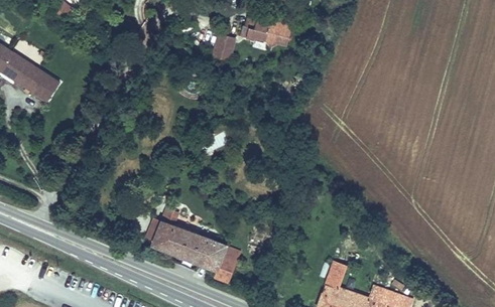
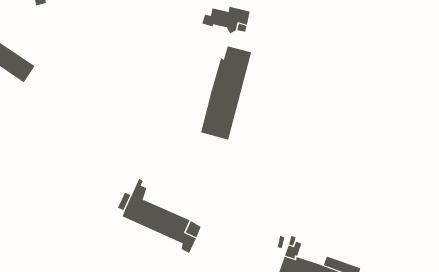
building: [211,34,233,61] -> none
building: none -> [201,45,252,141]

